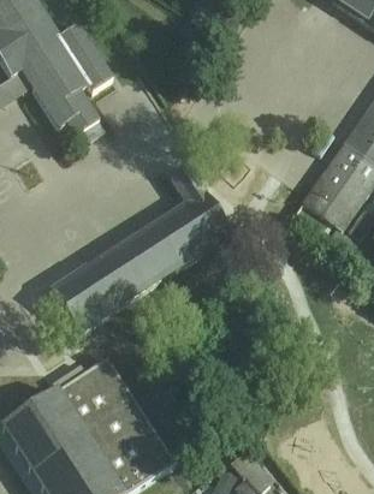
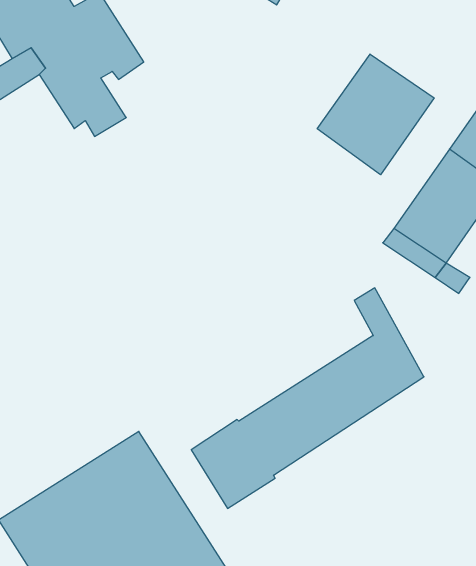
building: none -> [317,54,434,175]
building: [52,163,228,331] -> [191,288,424,508]

